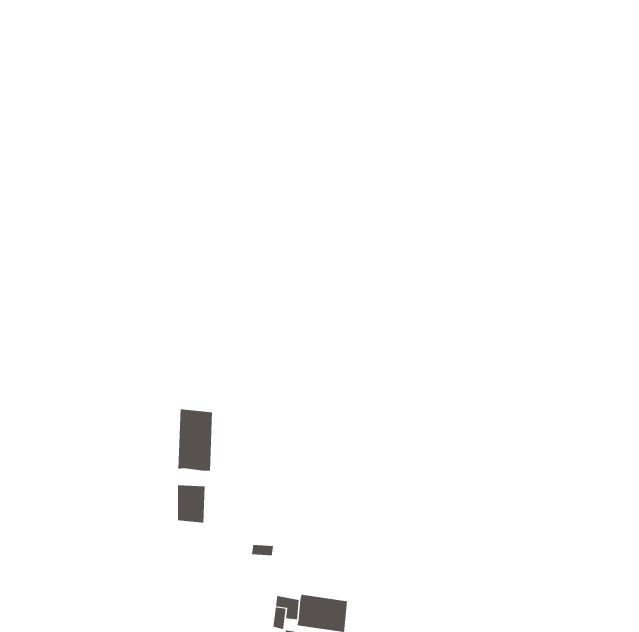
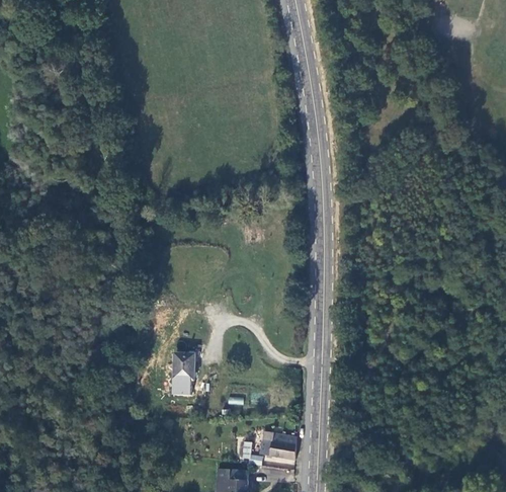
building: [178,409,212,472] -> none

